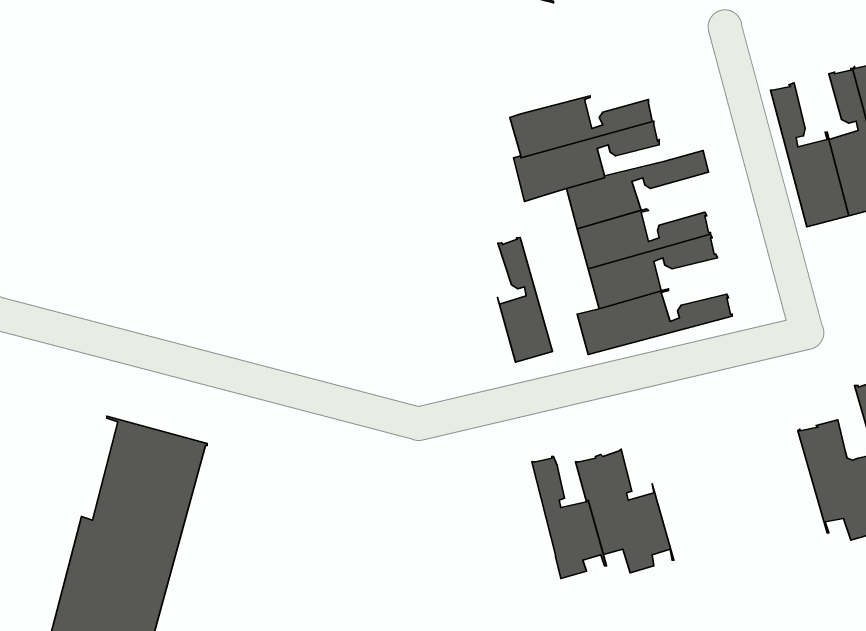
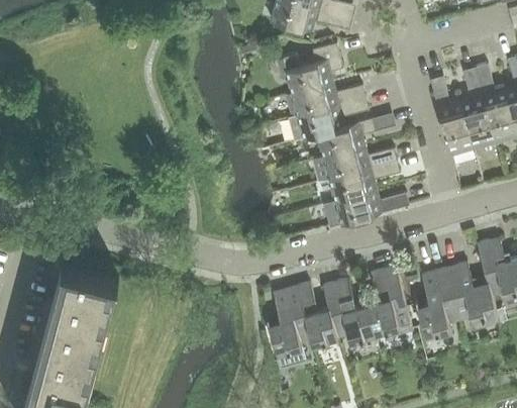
building: none -> [274,42,343,92]
building: [497,237,553,362] -> none
building: none -> [365,265,411,339]
building: none -> [416,268,461,341]
building: none -> [267,285,311,360]

